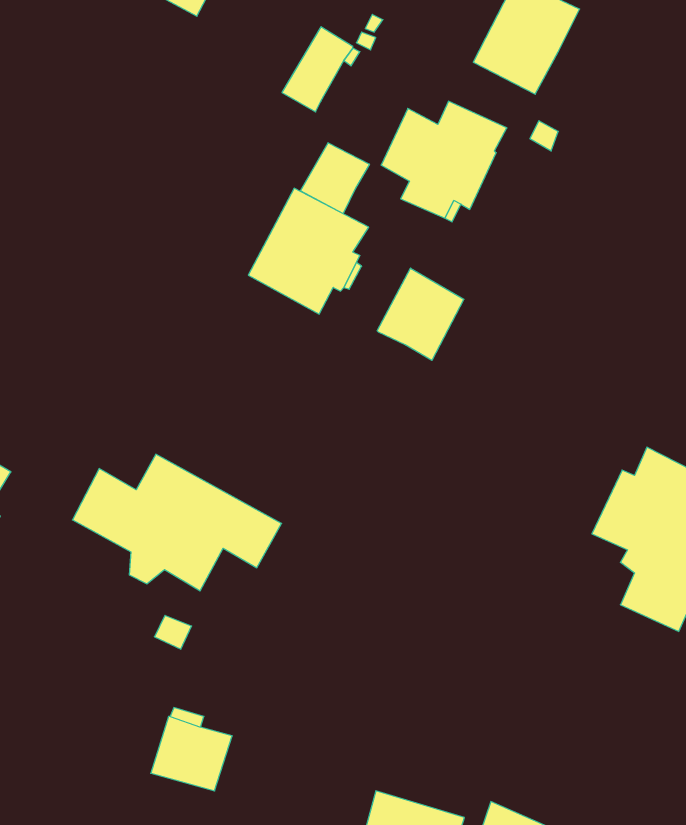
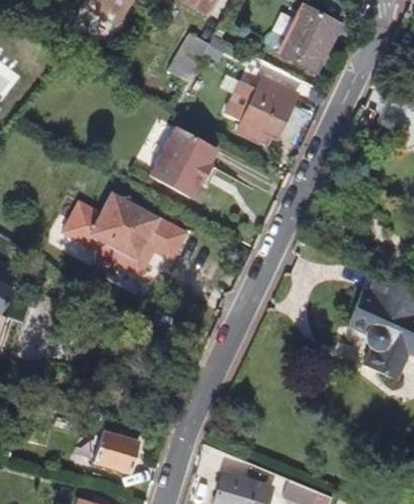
building: [301,143,369,213] -> none
building: [377,268,464,360] -> none
building: [72,454,282,591] -> [49,185,169,263]

